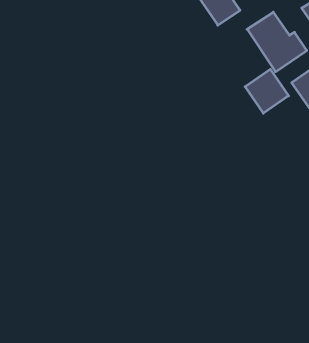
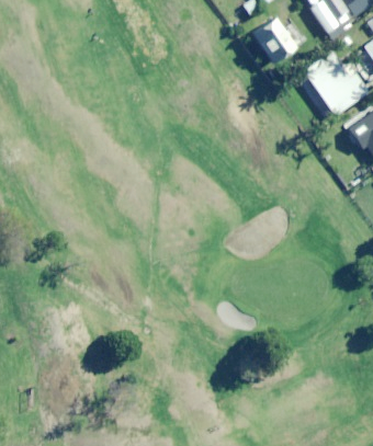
building: [245,69,289,113] -> none

